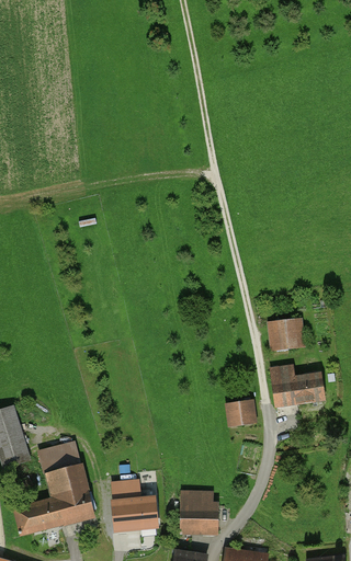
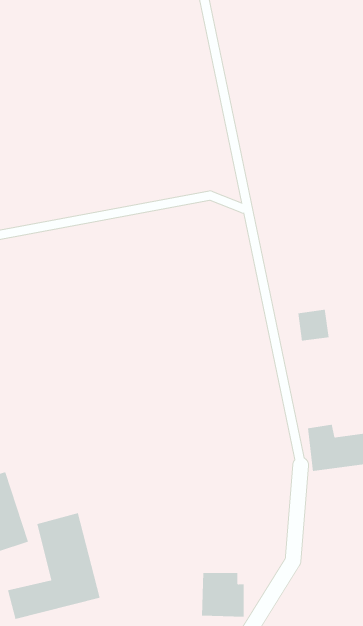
building: [273,320,301,347] -> [297,309,329,341]
building: [227,400,254,426] -> none
building: [111,480,157,529] -> none

